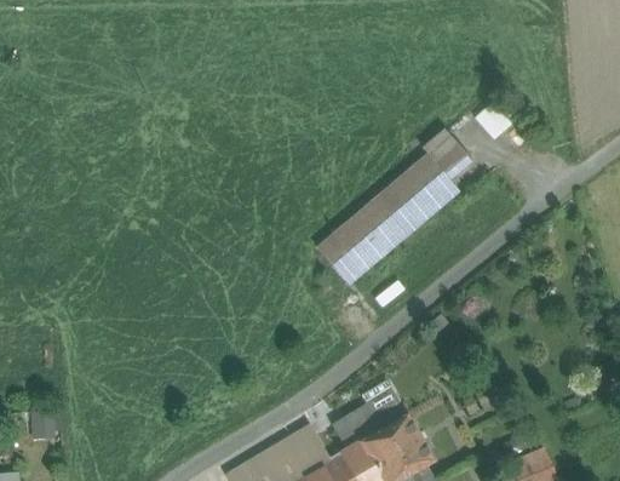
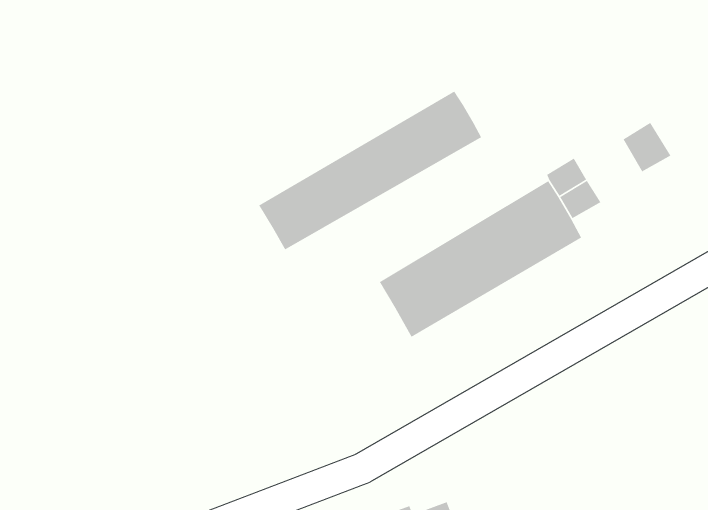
building: none -> [258,90,482,251]

